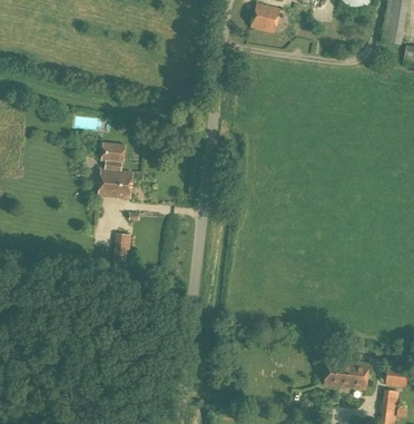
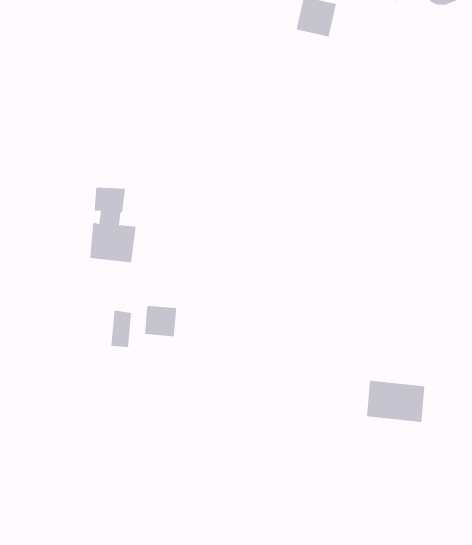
building: none -> [144,305,177,337]
building: [324,357,367,388] -> [366,380,425,422]

